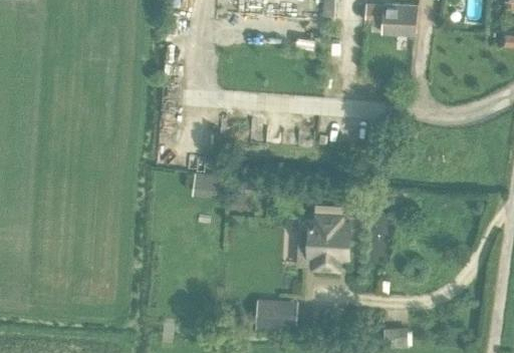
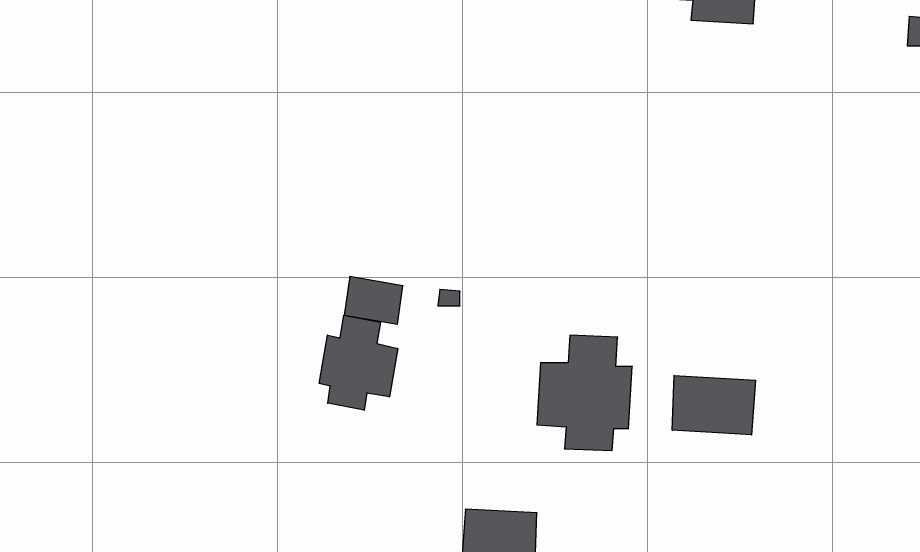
building: none -> [319,315,398,410]
building: none -> [672,375,756,435]

